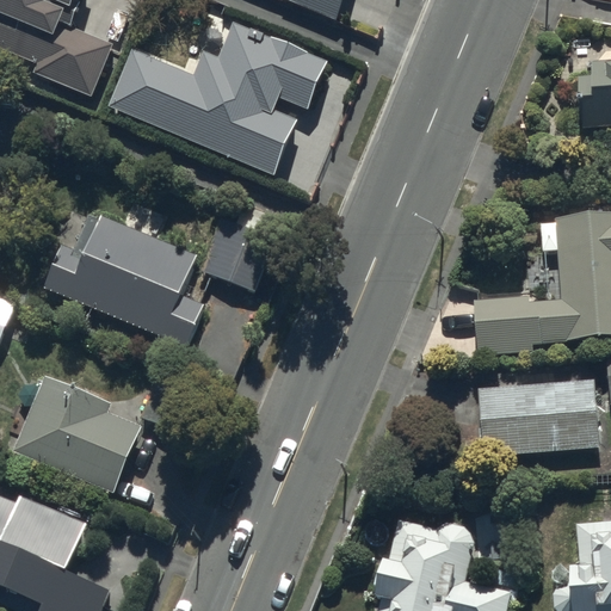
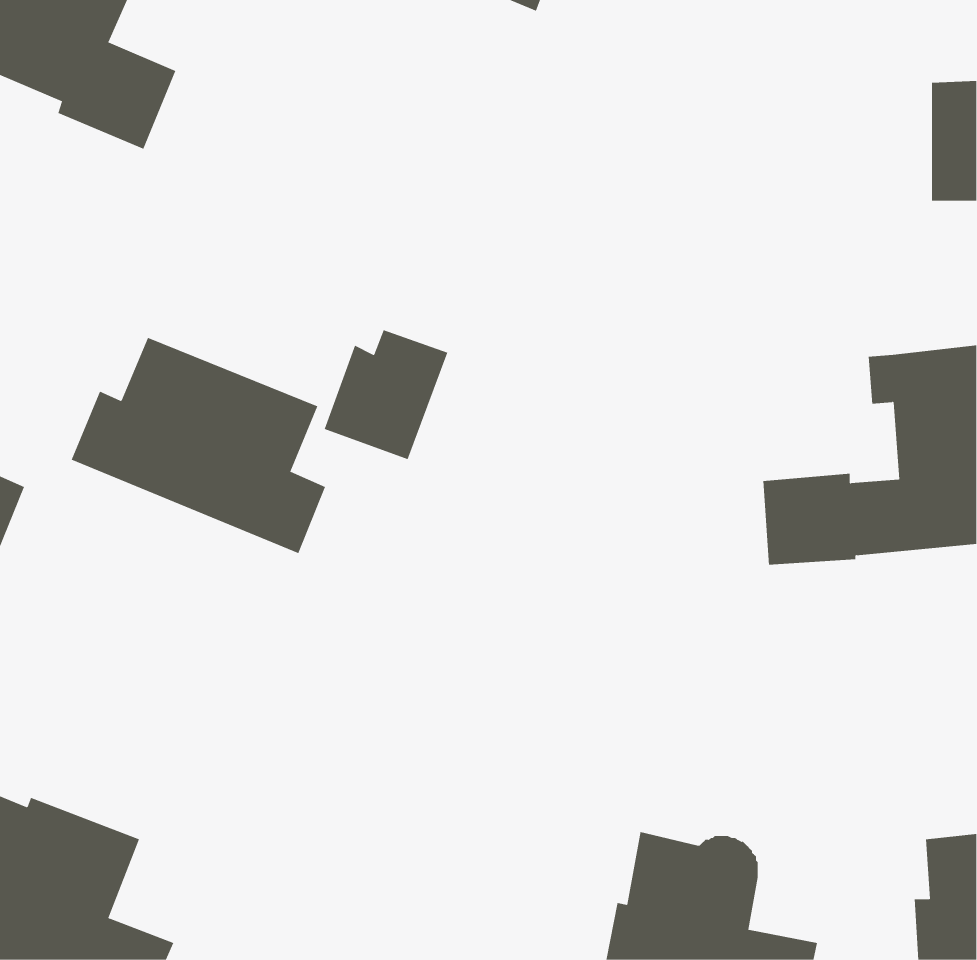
building: [105,24,327,178] -> none
building: [479,377,599,456] -> none
building: [16,378,142,494] -> none

